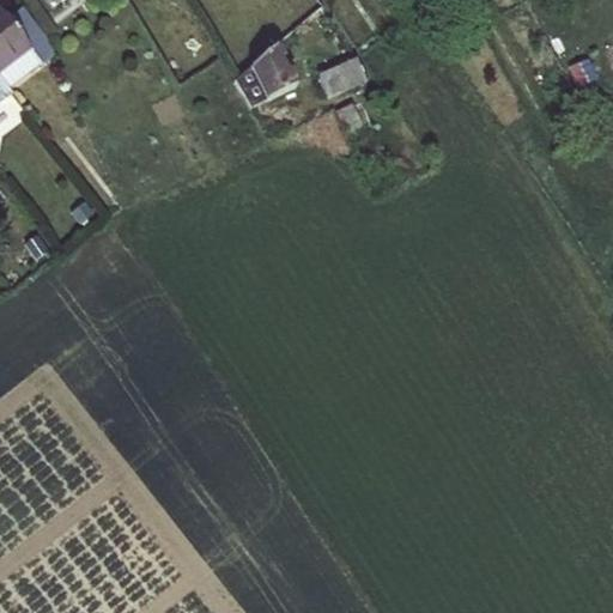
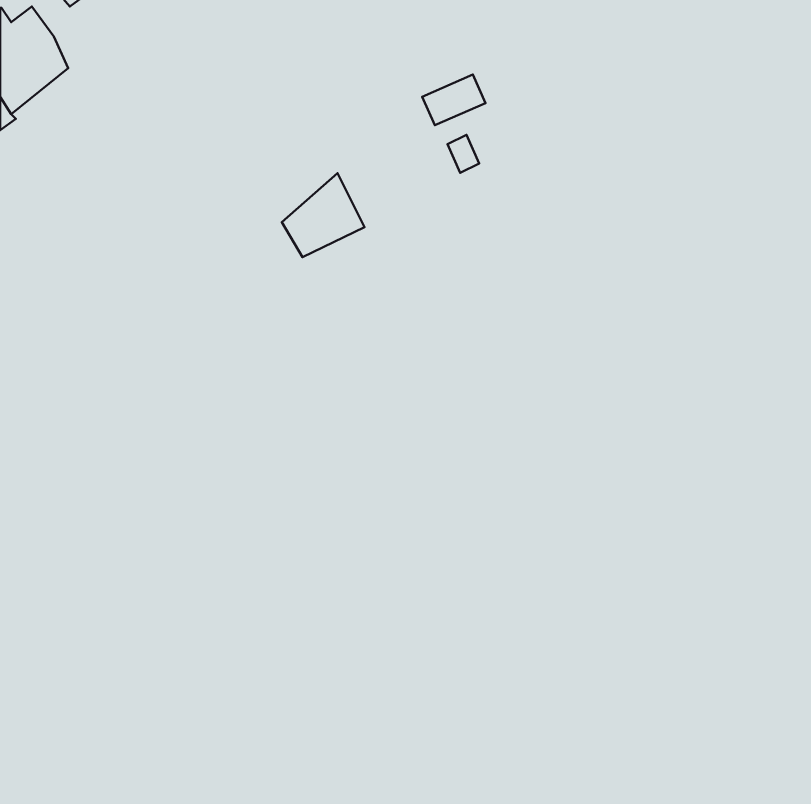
building: [235,42,297,105] -> [282,173,364,257]

